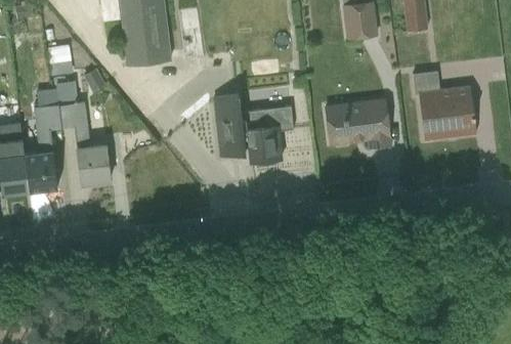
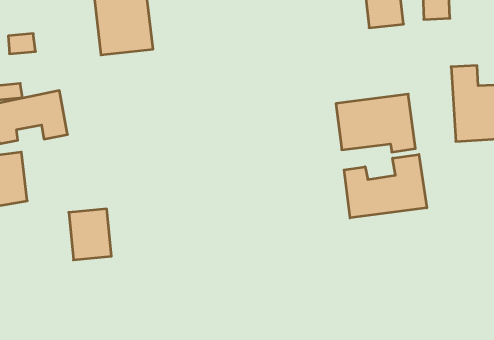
building: [215,94,297,164] -> none
building: [75,141,112,185] -> [69,209,111,260]
building: none -> [344,154,427,218]

